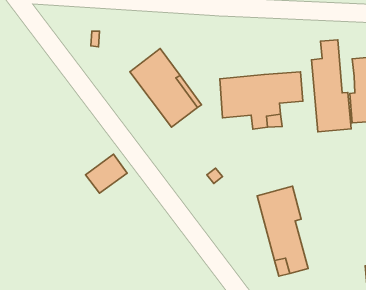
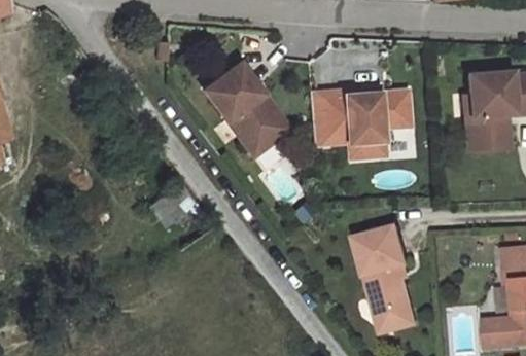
building: [312,40,351,132] -> none

